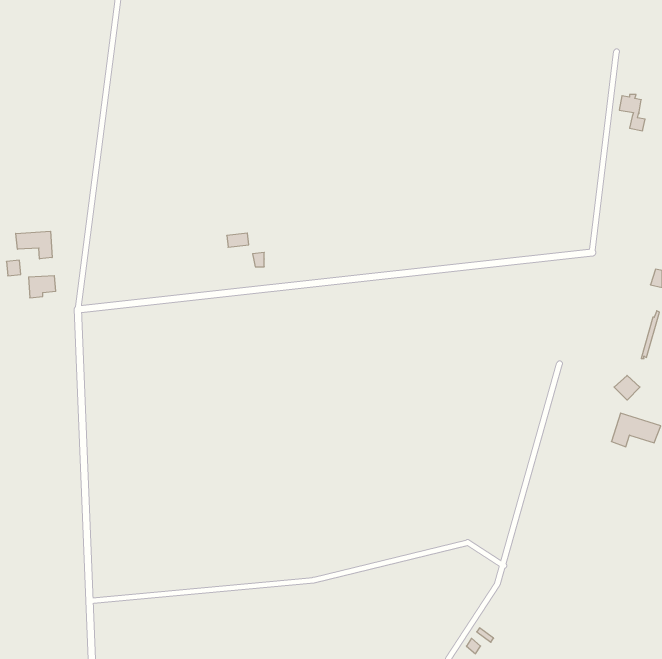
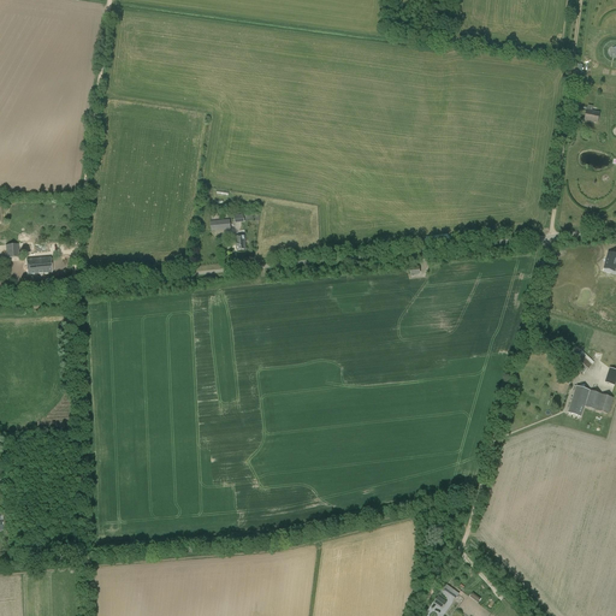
building: [16,231,52,259] -> none

